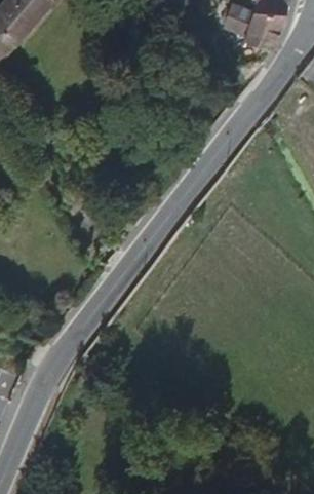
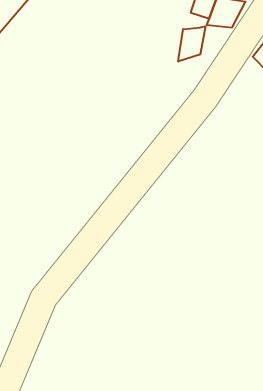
building: none -> [178,26,205,62]

